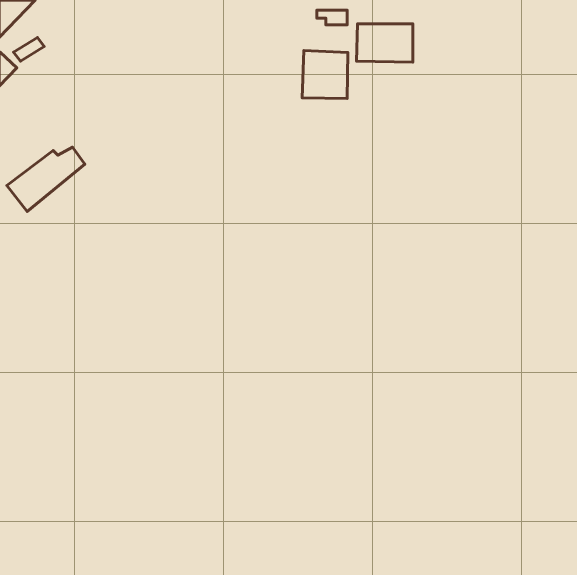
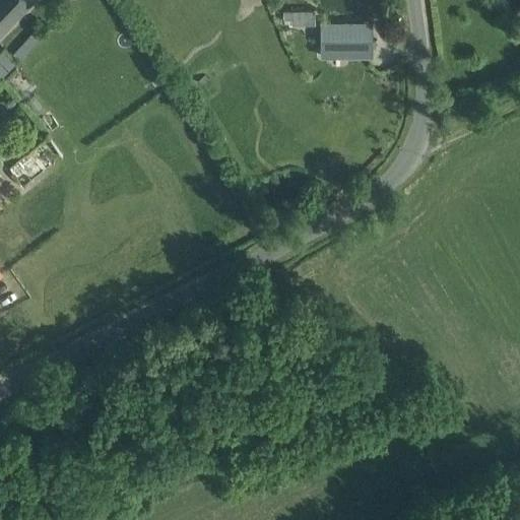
building: [302,50,348,99] -> none

